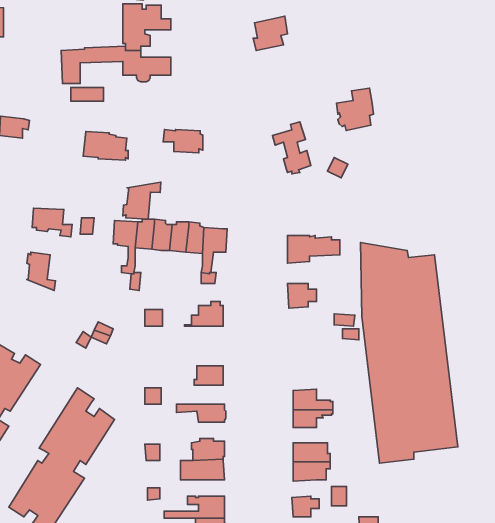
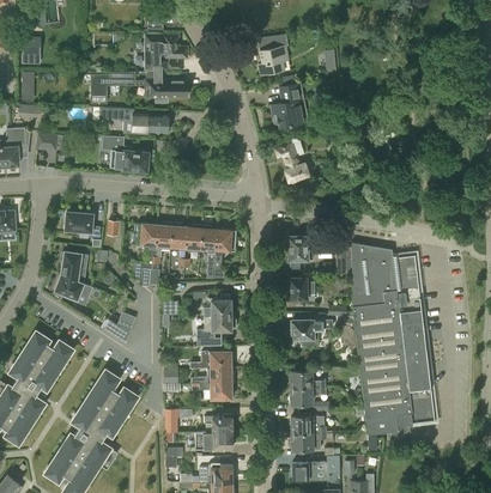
building: [337,88,374,131] -> [271,92,303,129]
building: [163,130,203,153] -> [135,114,170,134]
building: [123,182,161,219] -> none
building: none -> [54,275,92,302]
building: none -> [196,316,236,340]
building: none -> [287,321,332,347]
building: none -> [190,367,234,384]

